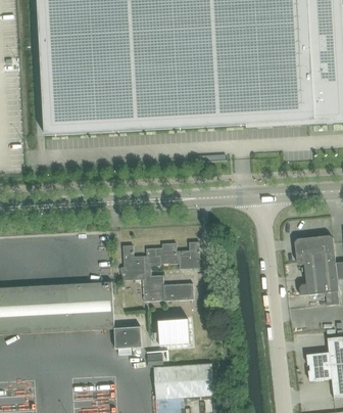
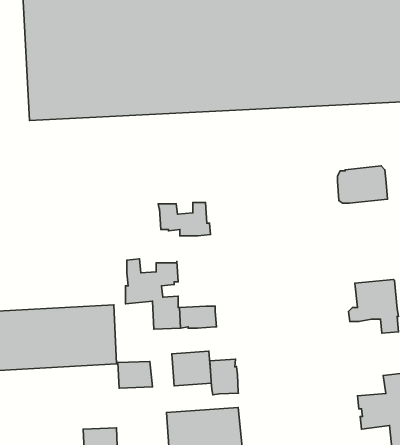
building: [295,234,335,264] -> [337,166,387,203]
building: [161,241,203,268] -> [158,203,211,236]
building: none -> [210,359,238,395]

